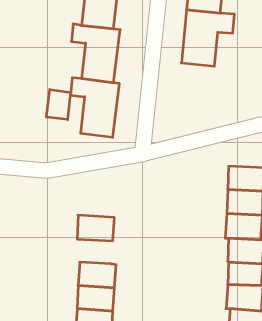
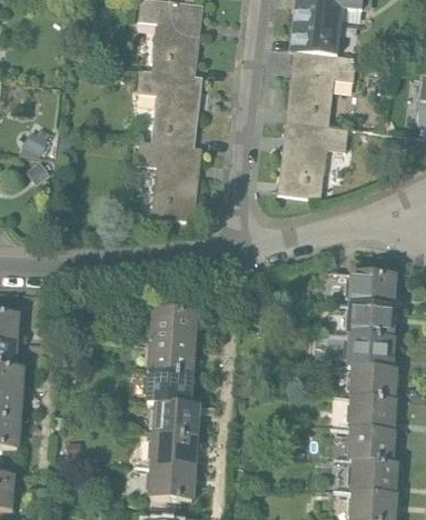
building: none -> [279,127,349,204]
building: [46,89,71,120] -> none
building: none -> [147,300,198,334]
building: none -> [143,363,194,397]

